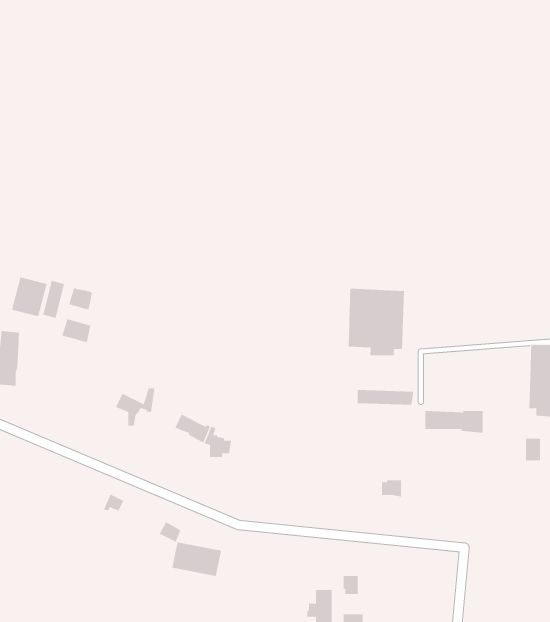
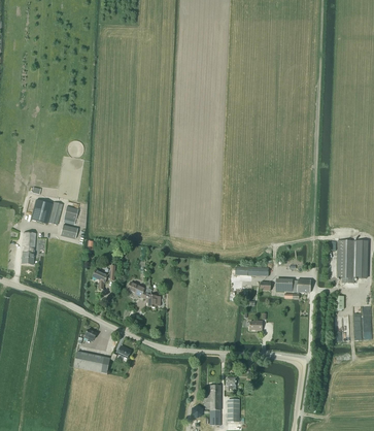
building: [348,288,404,356] -> none
building: [172,542,222,576] -> [75,351,105,371]

